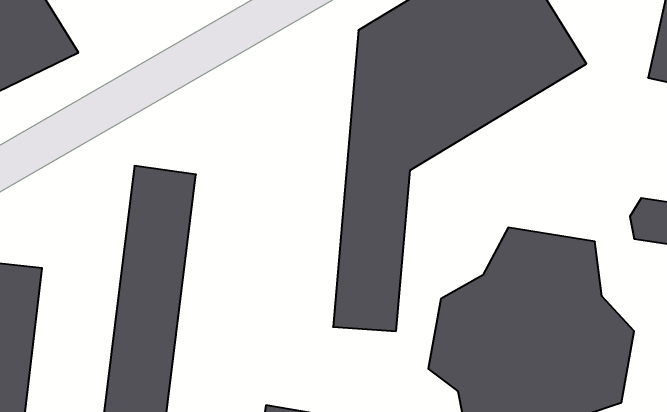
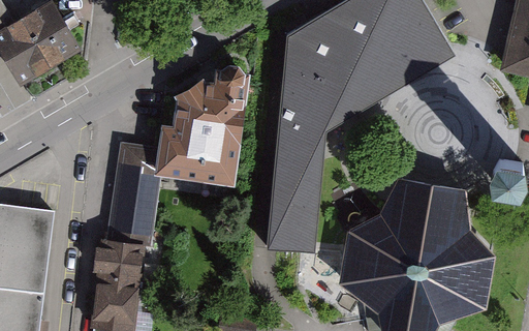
building: none -> [164,63,243,184]

